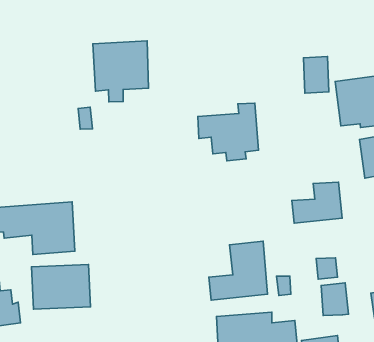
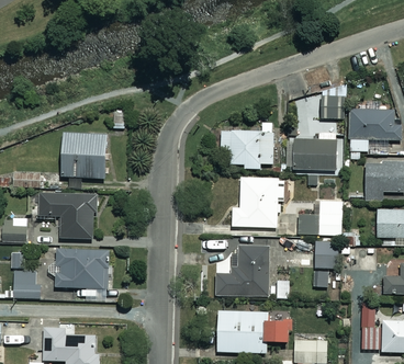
building: [93,41,149,102] -> [58,132,110,186]
building: none -> [287,134,336,171]
building: none -> [232,177,283,227]
building: [321,283,349,316] -> [314,240,337,269]

